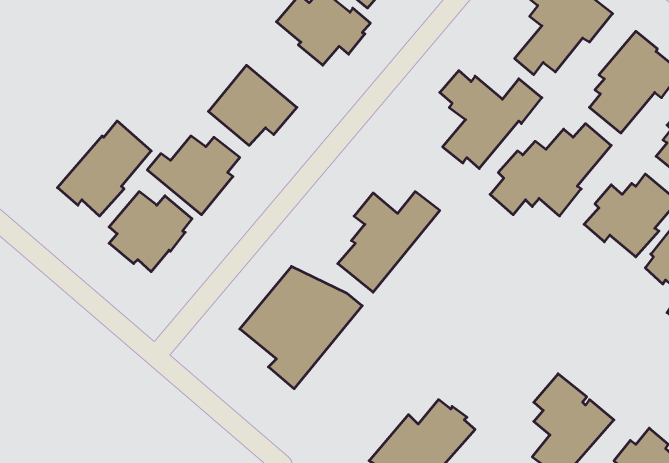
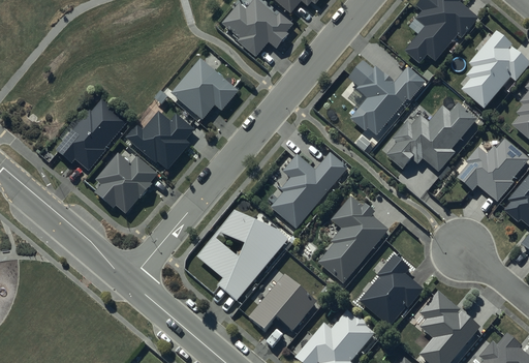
building: none -> [318,196,387,283]
building: none -> [360,254,424,325]
building: none -> [247,273,317,331]

